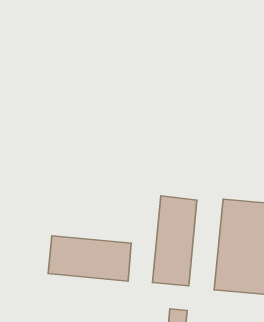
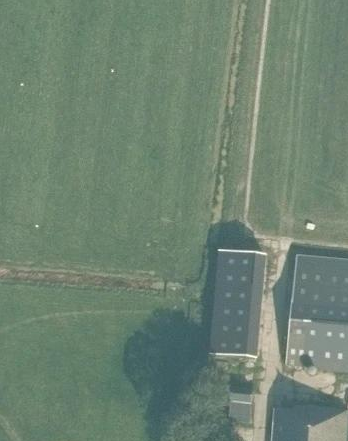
building: [48,236,131,281] -> none

